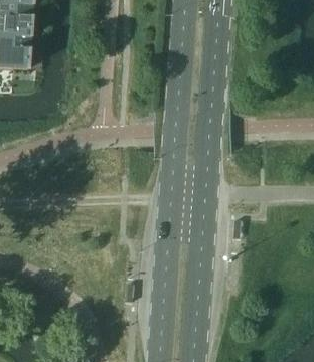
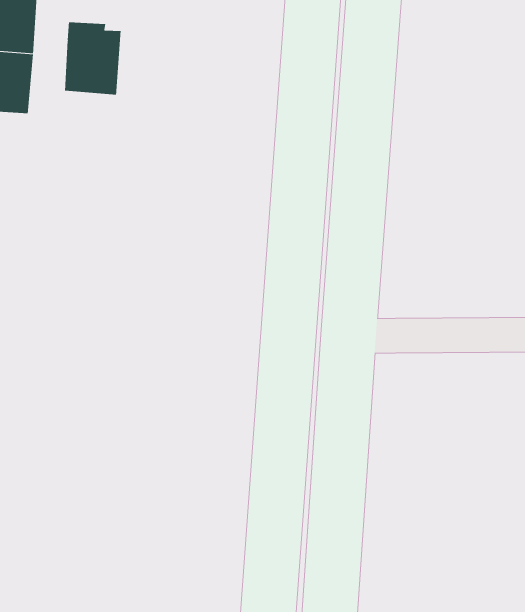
building: none -> [65,21,121,95]

